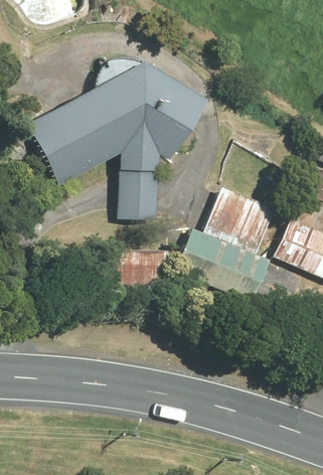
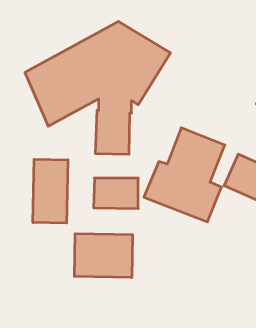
building: none -> [33,159,68,223]
building: none -> [74,234,132,278]

